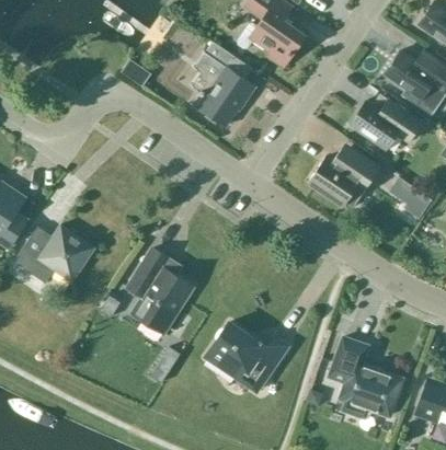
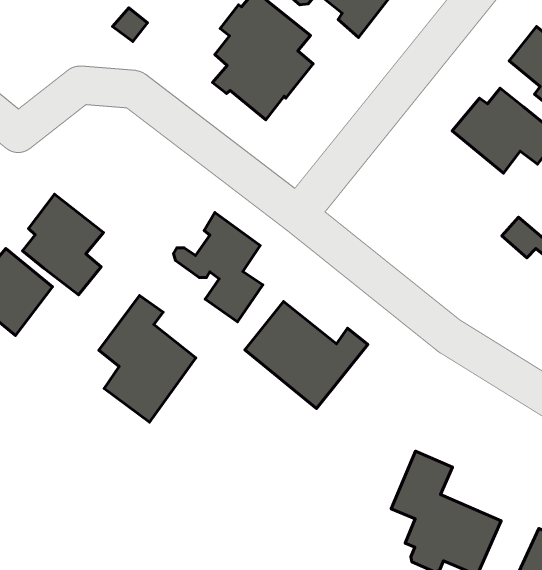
building: [309,148,380,207] -> none
building: none -> [23,194,104,295]
building: none -> [173,212,263,322]
building: [206,322,287,391] -> [245,302,368,409]

